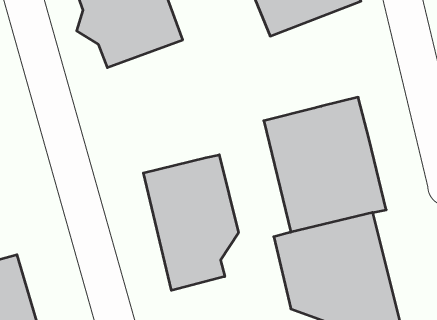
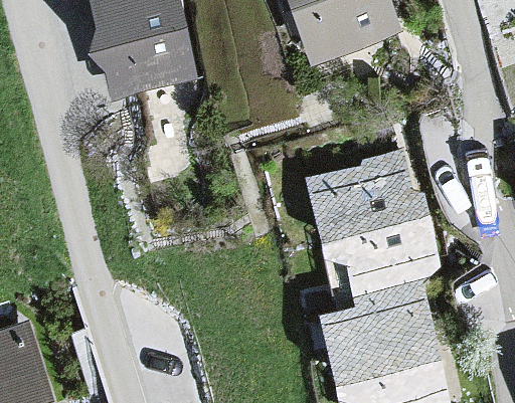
building: [143,155,238,290] -> none

